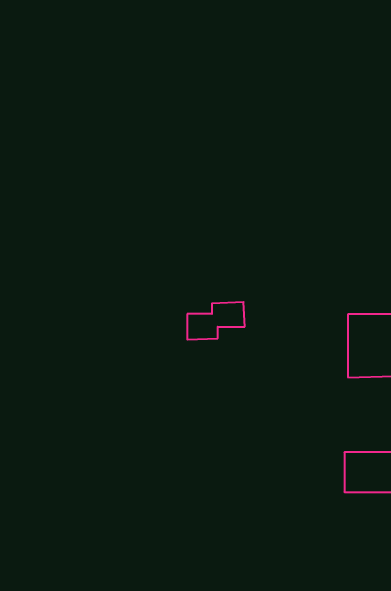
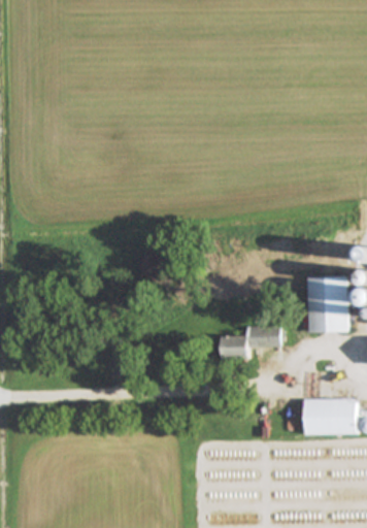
building: [187,302,245,340] -> [225,326,275,359]

